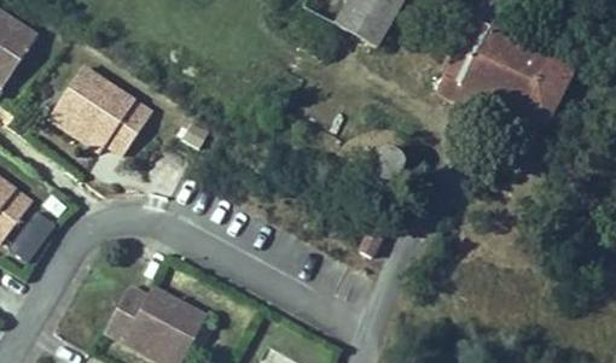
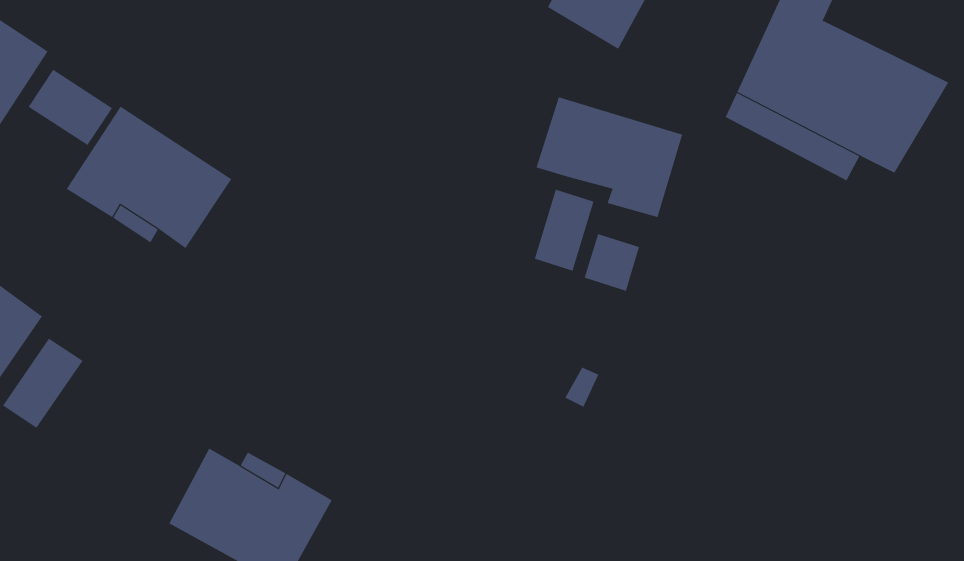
building: none -> [28,69,113,146]
building: none -> [536,96,683,218]
building: none -> [534,189,594,272]

